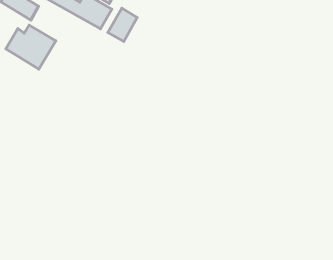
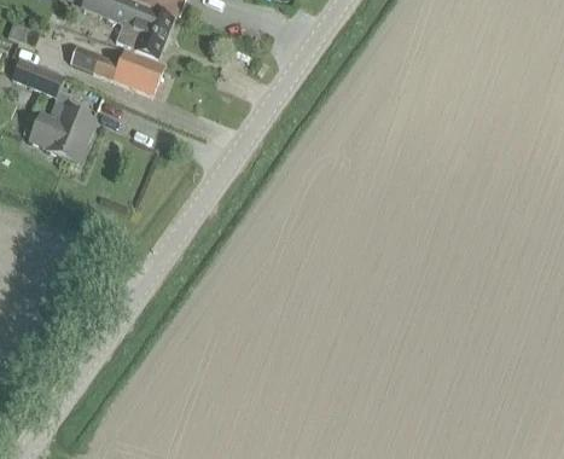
building: [108,8,137,42] -> none

